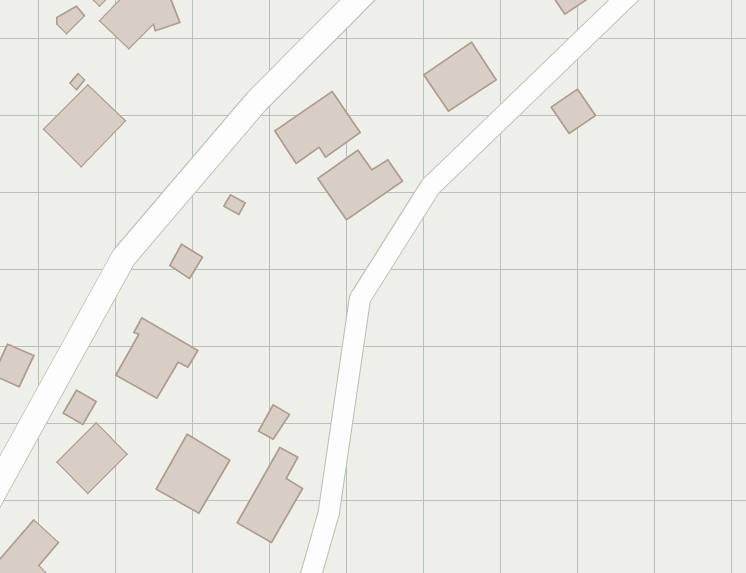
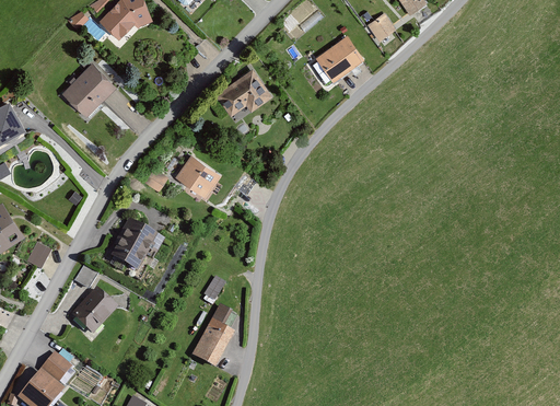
building: [551,89,596,134] -> [366,13,396,43]
building: [318,150,402,220] -> none
building: none -> [175,154,220,198]
building: [156,434,230,513] -> none

